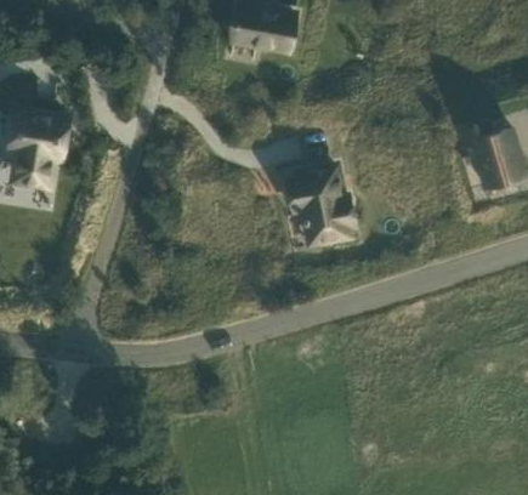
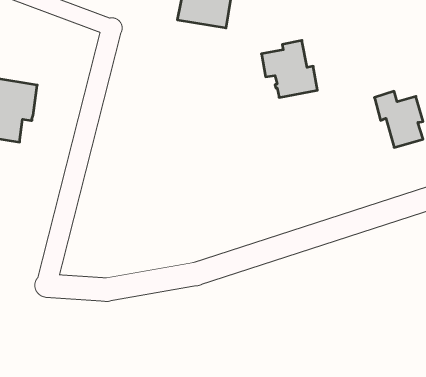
building: [289,169,354,235] -> [261,40,317,97]

